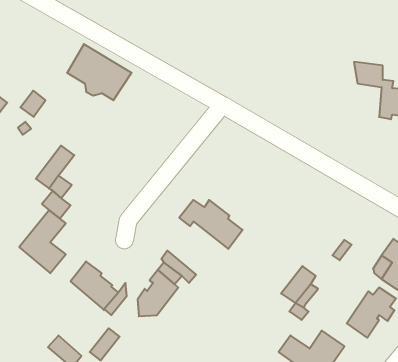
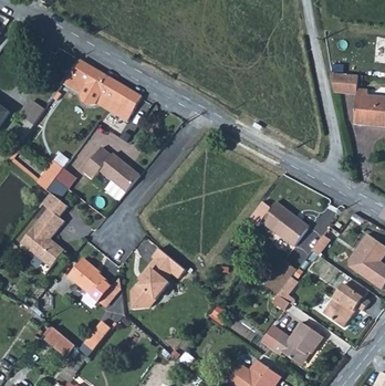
building: none -> [107,83,143,121]
building: none -> [84,146,141,190]
building: [179,200,243,249] -> [248,202,306,248]

